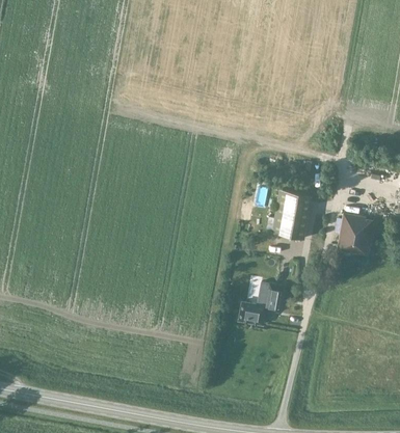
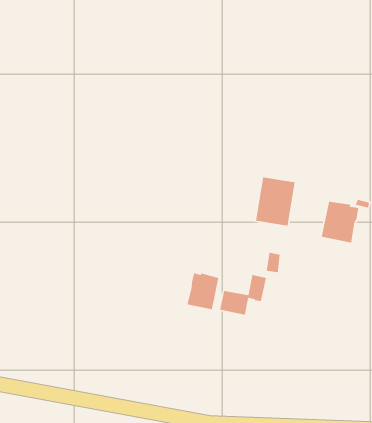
building: none -> [187,272,219,310]

